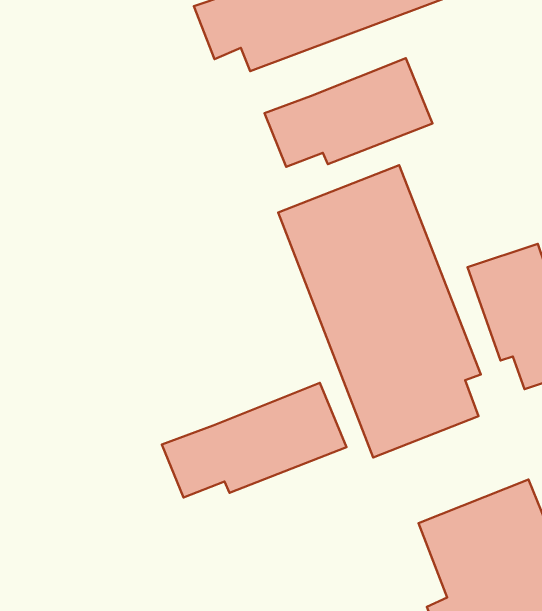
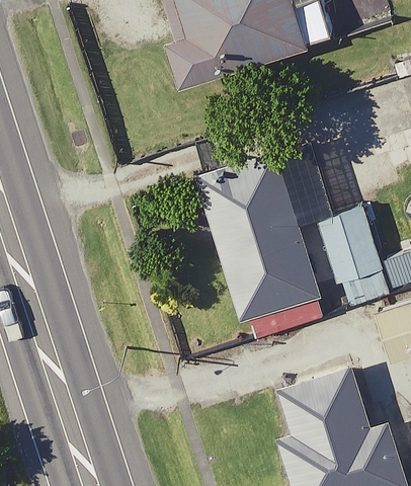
building: [264,58,432,167] -> none
building: [162,383,346,497] -> none

